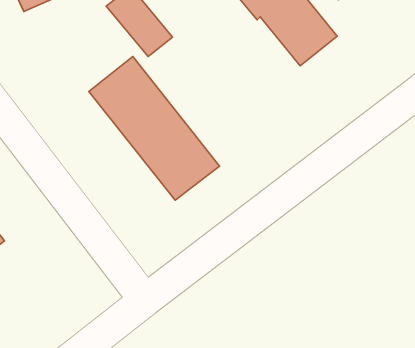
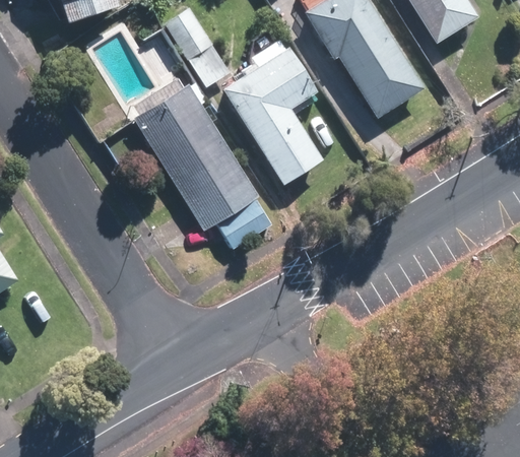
building: none -> [223,46,323,184]

